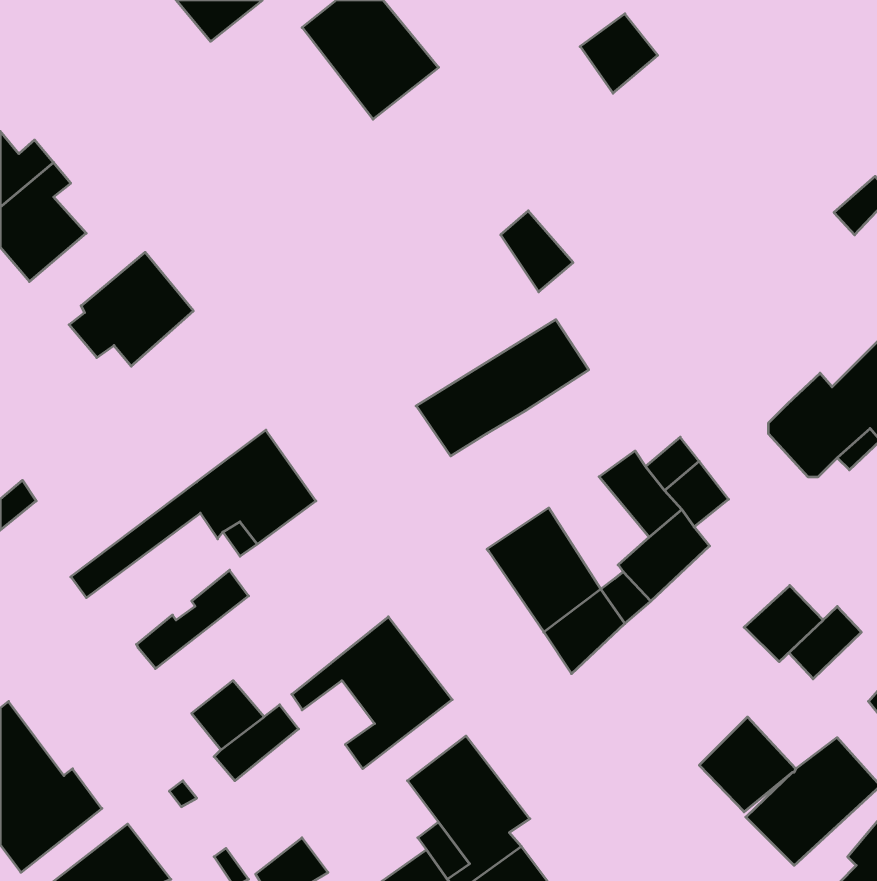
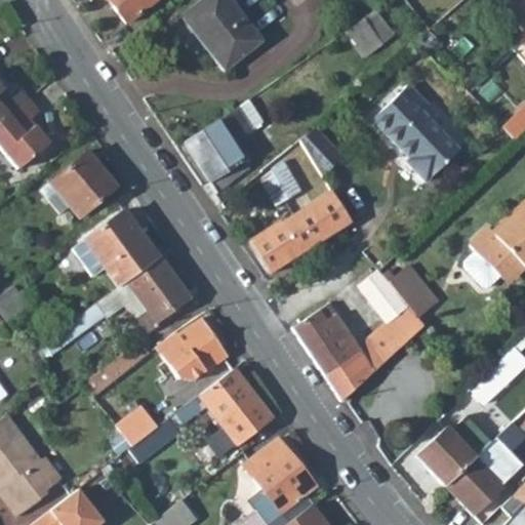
building: none -> [376,84,460,180]
building: none -> [186,96,265,189]
building: none -> [254,162,301,206]
building: none -> [70,209,161,287]
building: none -> [160,318,228,379]
building: [744,585,823,662] -> none

